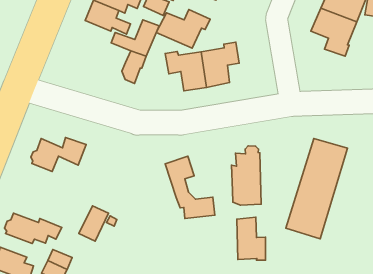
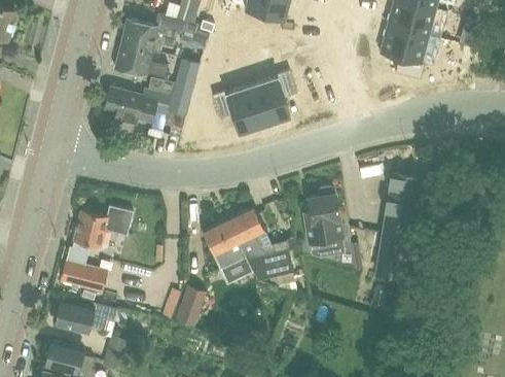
building: [156,9,210,48] -> none
building: none -> [105,88,154,123]
building: none -> [203,220,246,270]
building: none -> [61,264,99,288]
building: [79,206,109,241] -> [175,286,206,327]
building: [237,217,266,260] -> none

